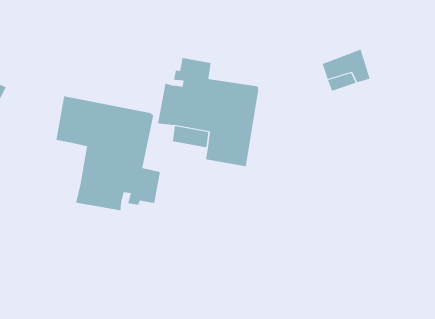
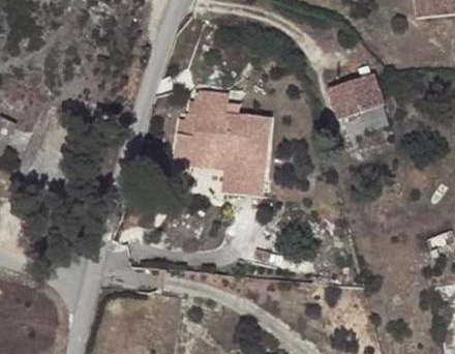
building: [56,95,160,211] -> none

